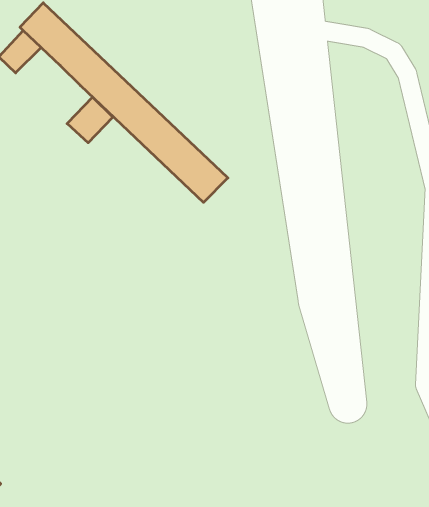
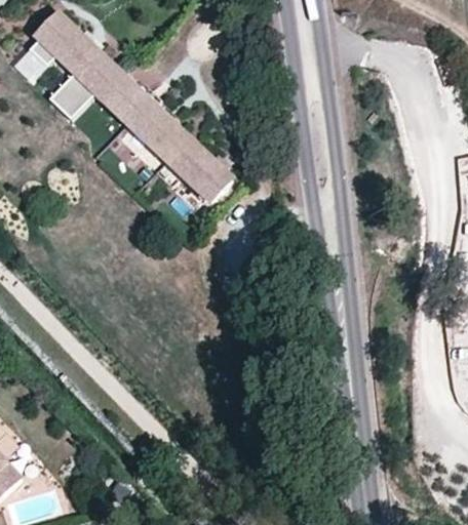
building: [67,97,113,143] -> [50,72,94,116]

